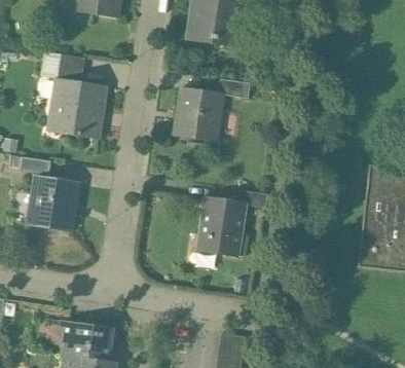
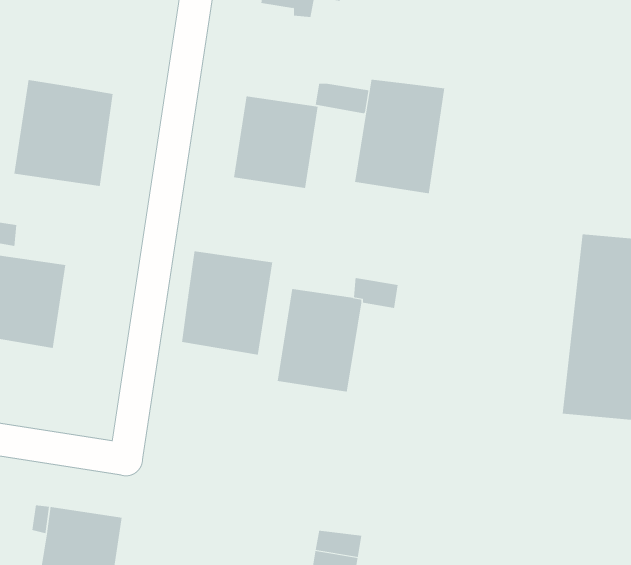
building: [57,56,85,83] -> none
building: none -> [354,79,445,194]
building: none -> [182,250,273,355]

